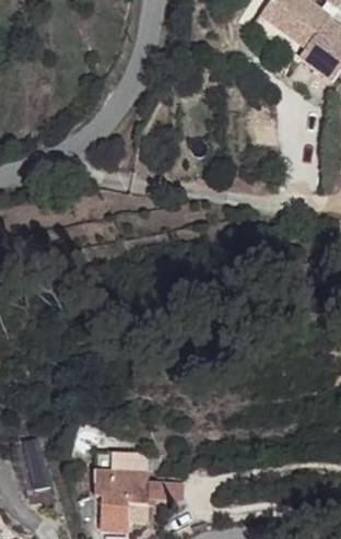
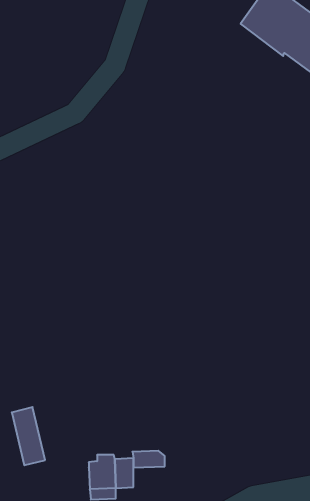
building: [93,469,148,496] -> none

